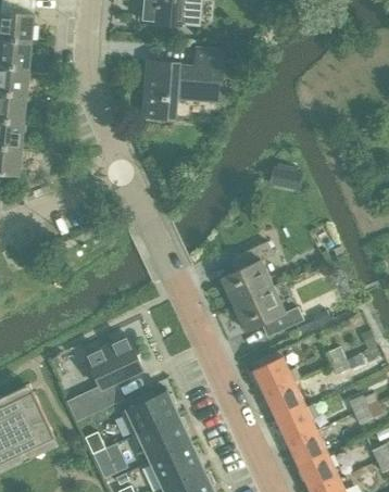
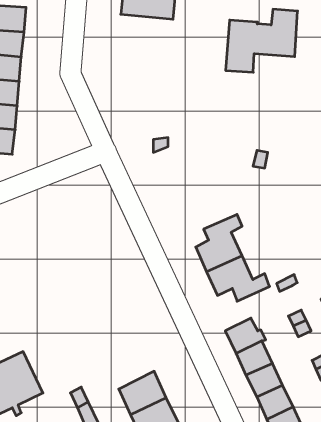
building: [145,48,224,117] -> [226,9,298,72]
building: [66,336,143,421] -> none
building: [120,391,176,437] -> none

